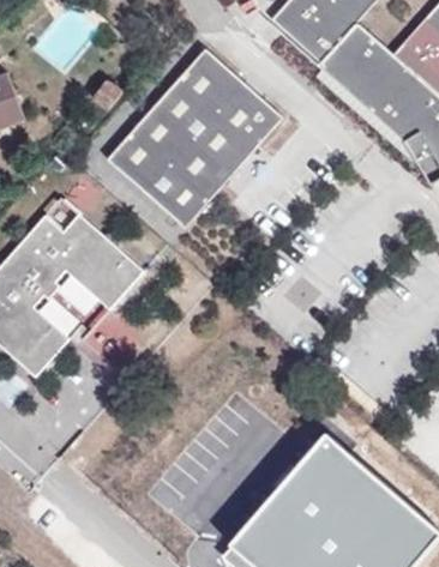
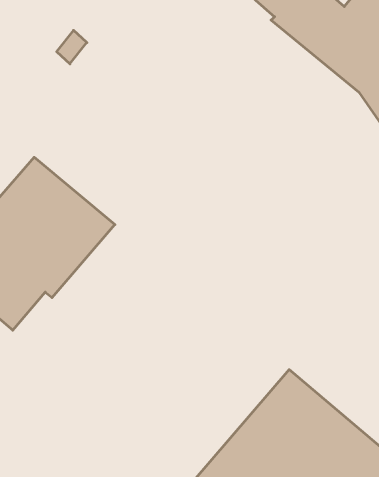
building: [102,44,279,230] -> none

